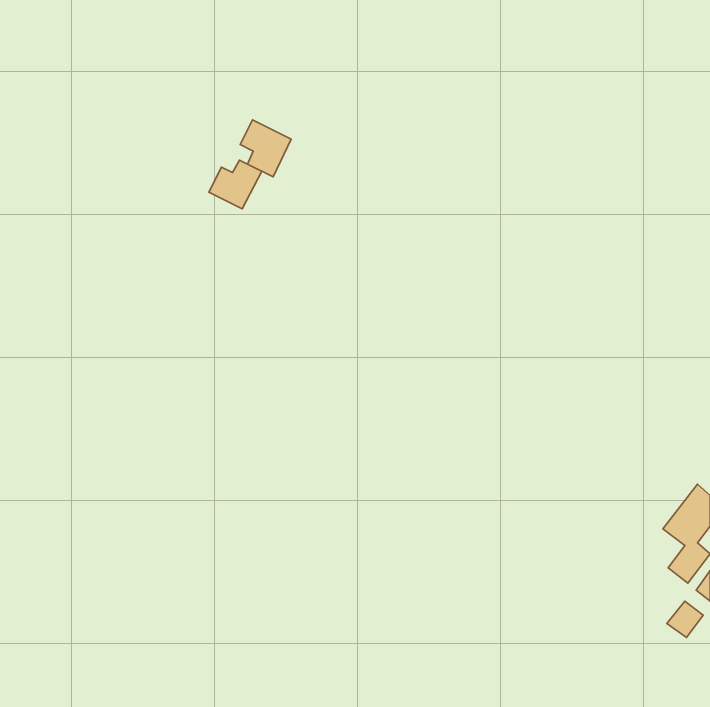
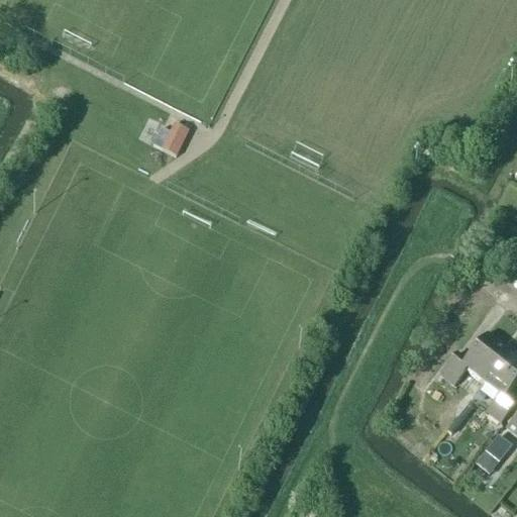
building: [240,120,291,177] -> none
building: none -> [438,335,506,387]

